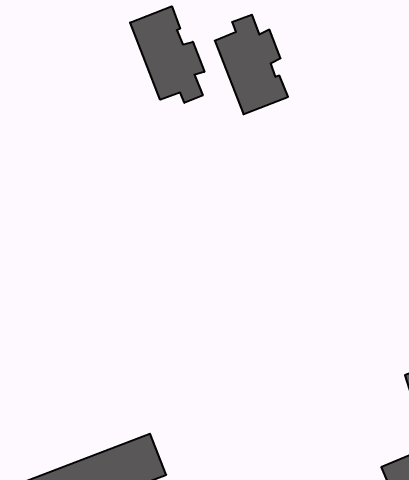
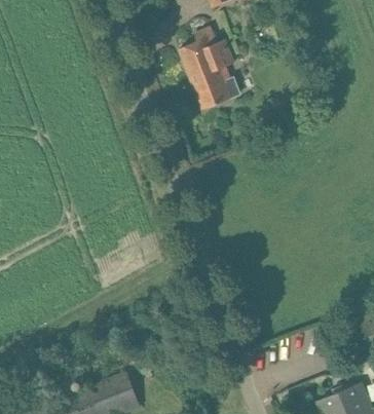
building: [130,6,204,103] -> none

